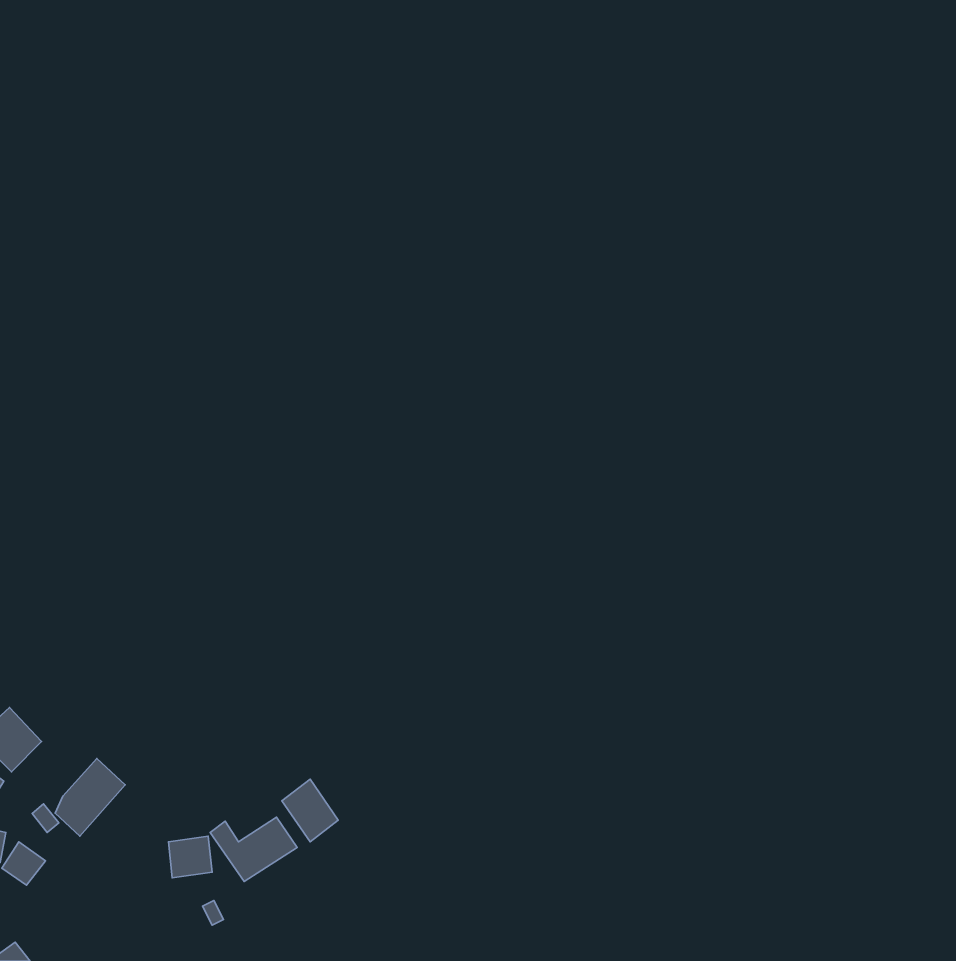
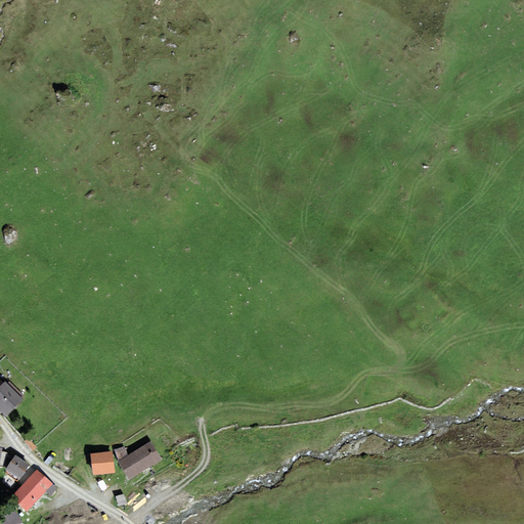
building: [55,758,125,836] -> [13,470,51,512]
building: [282,779,338,842] -> none

